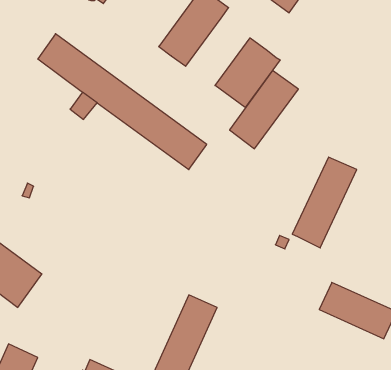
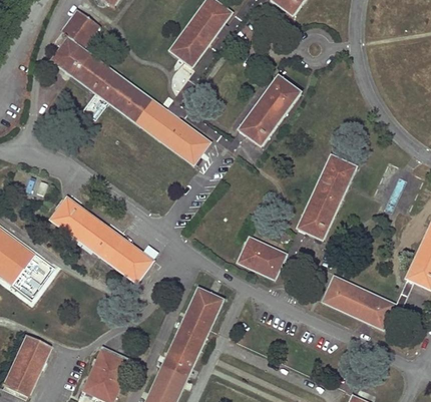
building: none -> [60,9,101,50]
building: [215,38,280,107] -> none
building: none -> [50,196,154,284]
building: none -> [237,237,288,280]

